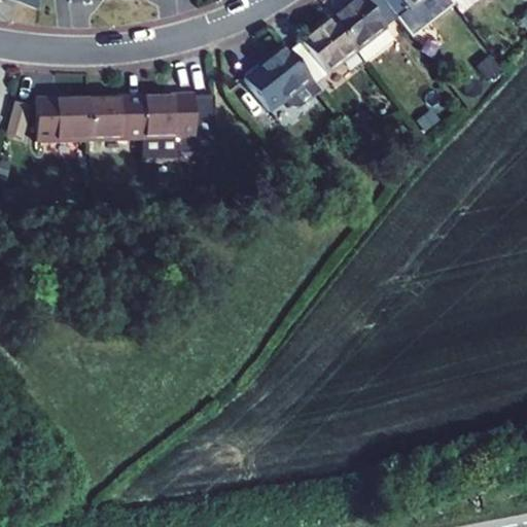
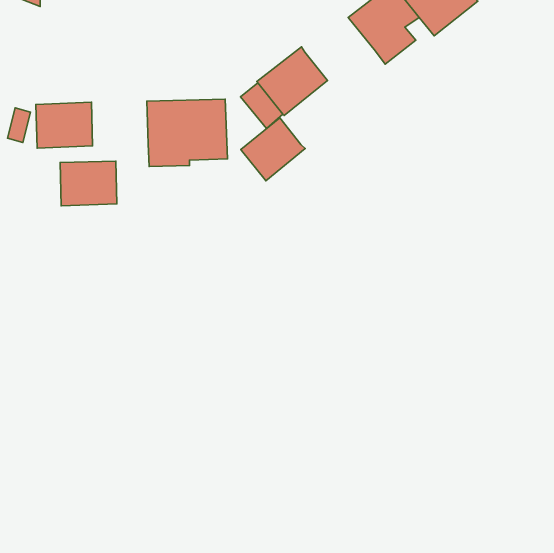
building: [290,16,357,81] -> none
building: [89,96,142,138] -> [60,161,117,206]
building: none -> [241,118,305,181]

